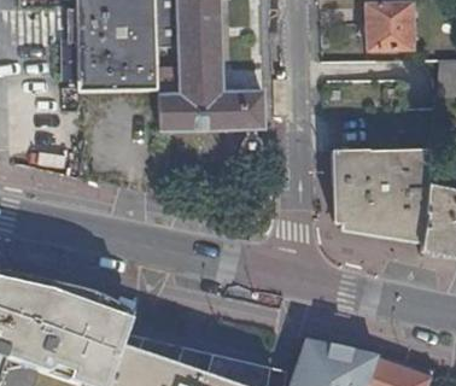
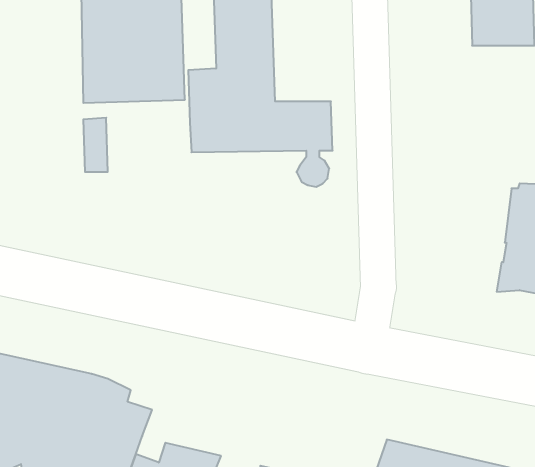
building: [331,151,402,232] -> none

